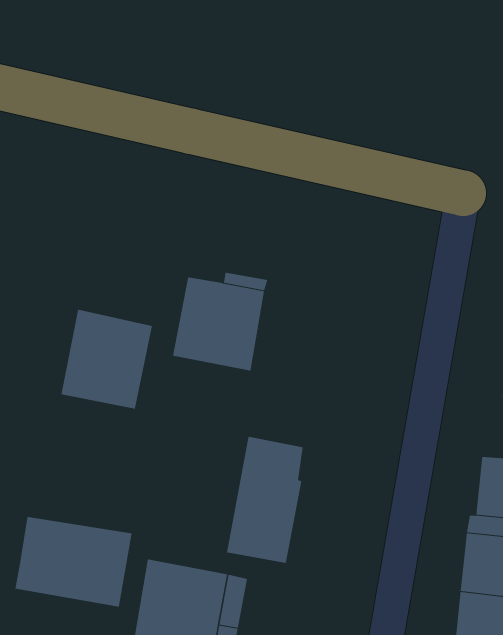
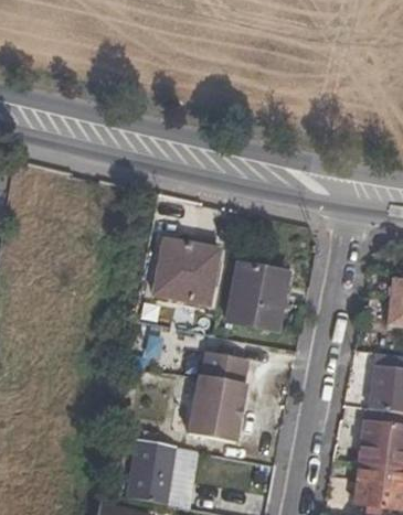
building: [61,309,153,409] -> none
building: none -> [226,262,287,331]
building: [15,516,132,607] -> none

